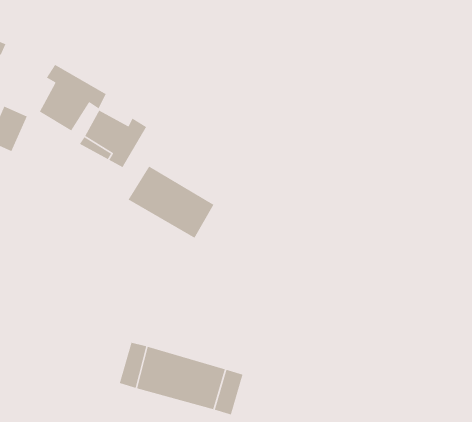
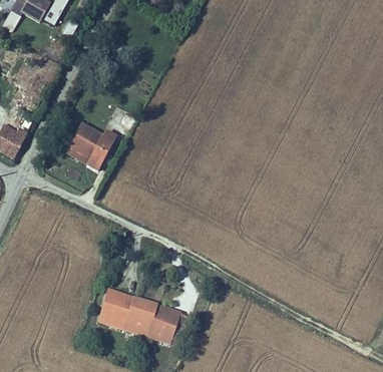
building: [39,64,107,132] -> none
building: [127,166,215,239] -> none

